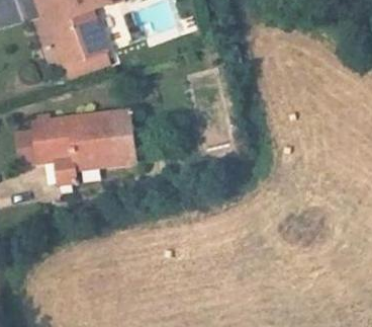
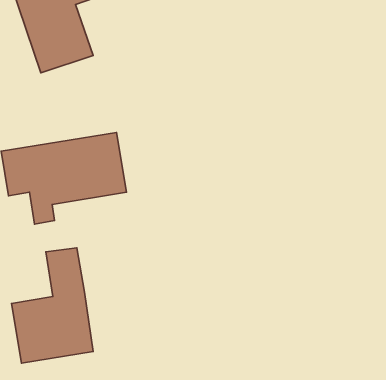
building: none -> [11,248,93,363]

